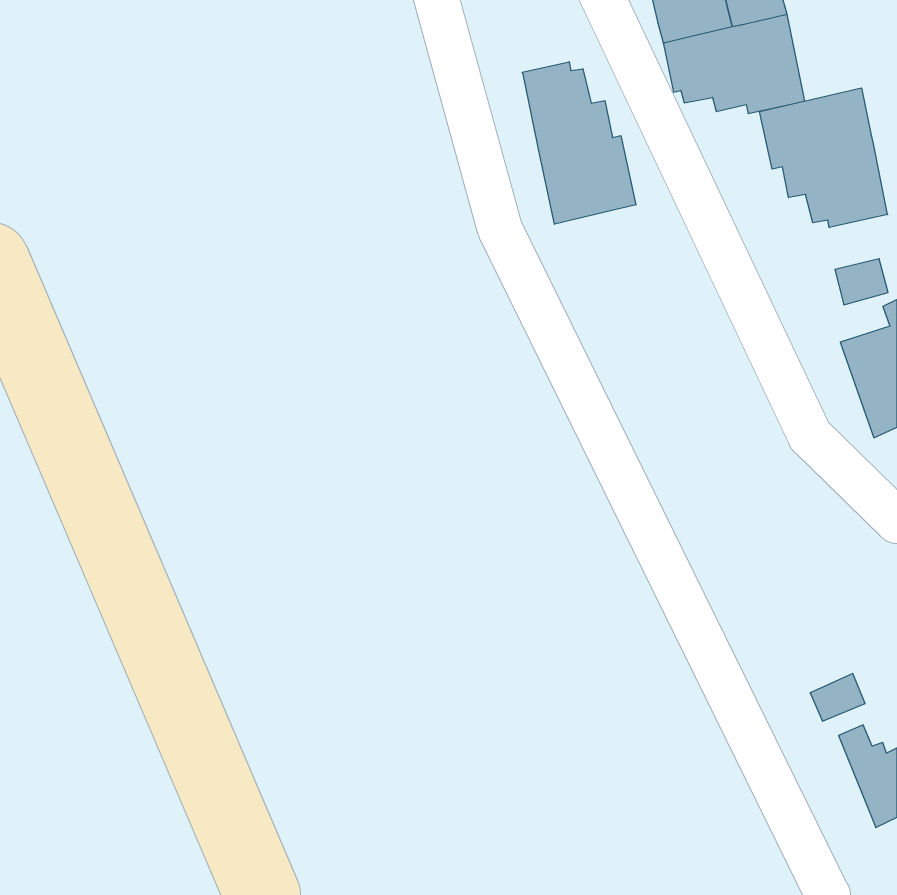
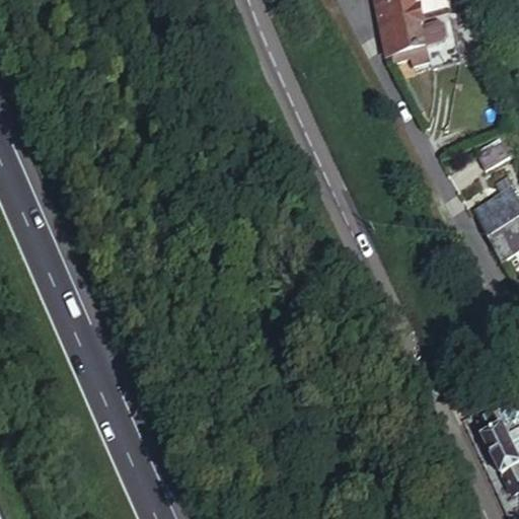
building: [522,62,636,224] -> none
building: [760,88,888,228] -> none

